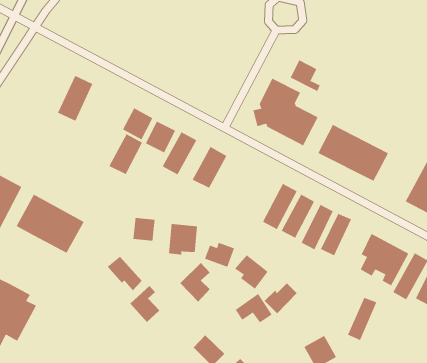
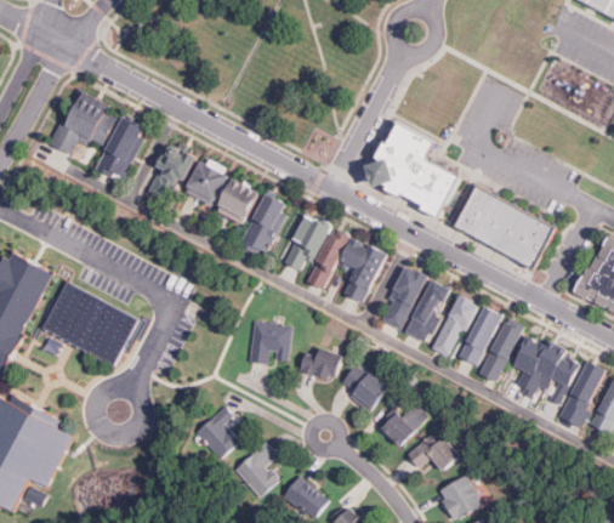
building: none -> [49,93,118,154]
building: [290,60,321,92] -> none
building: [109,134,143,175] -> [146,144,193,201]
building: none -> [306,229,349,290]
building: none -> [341,238,386,303]
building: [133,217,155,241] -> none
building: [107,256,143,291] -> none
building: [180,262,210,303] -> [234,442,277,498]
building: [235,293,273,323] -> [407,430,459,471]
building: [347,297,377,341] -> [479,322,521,382]

